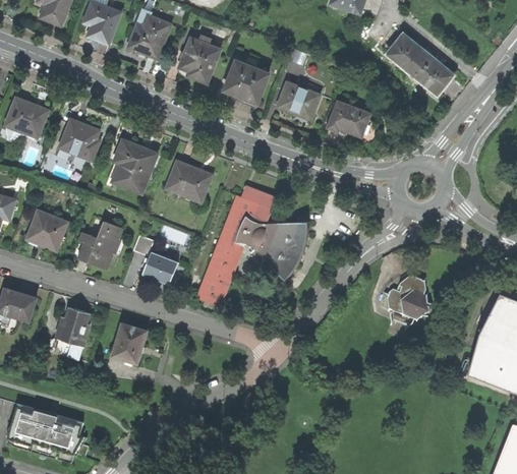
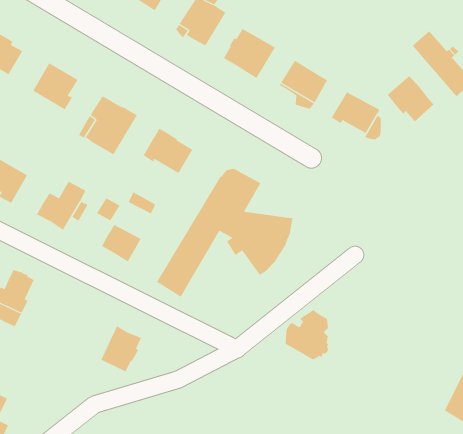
building: none -> [387,75,434,122]
building: [391,273,432,317] -> [285,310,329,360]
building: [113,323,147,363] -> [100,326,142,372]

